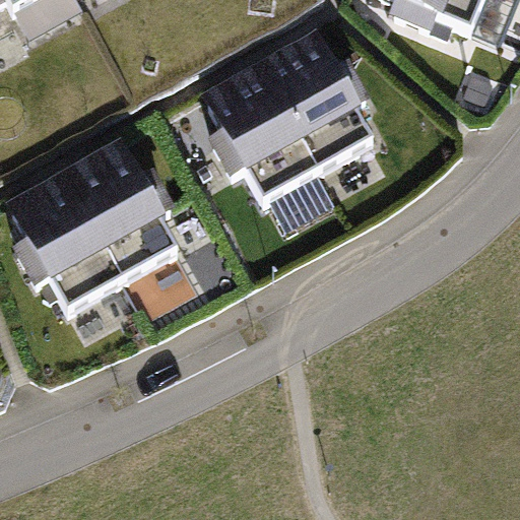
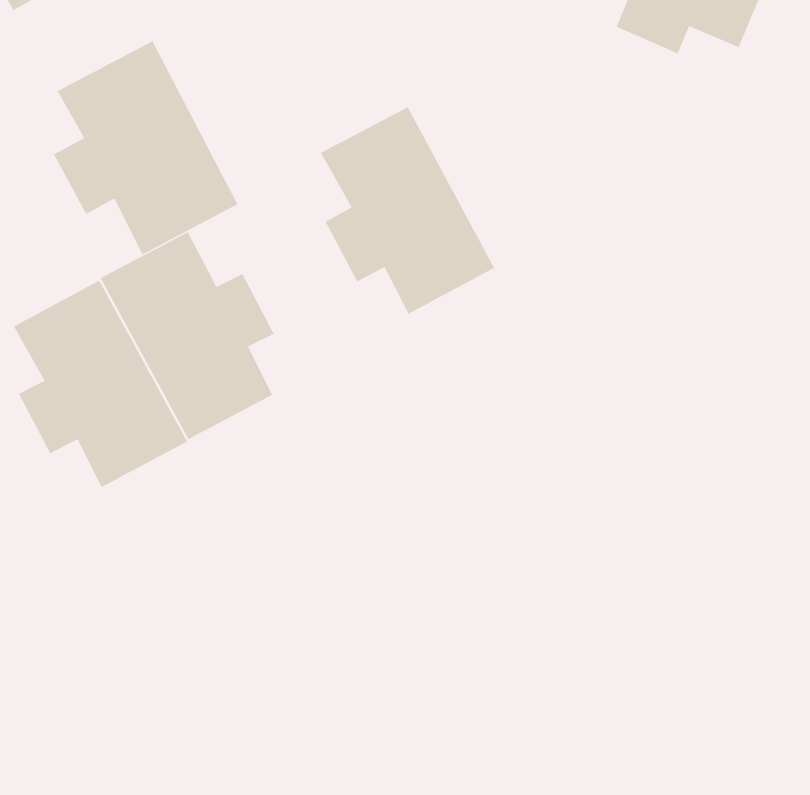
building: none -> [53,40,239,256]
building: [258,38,368,170] -> none

